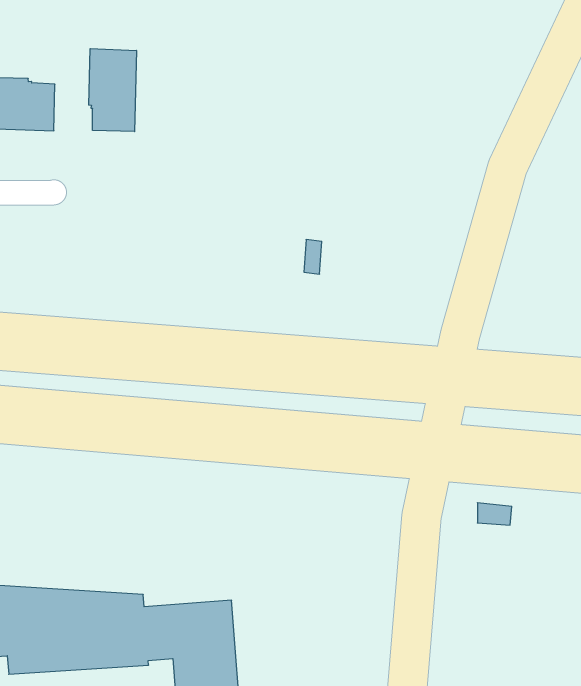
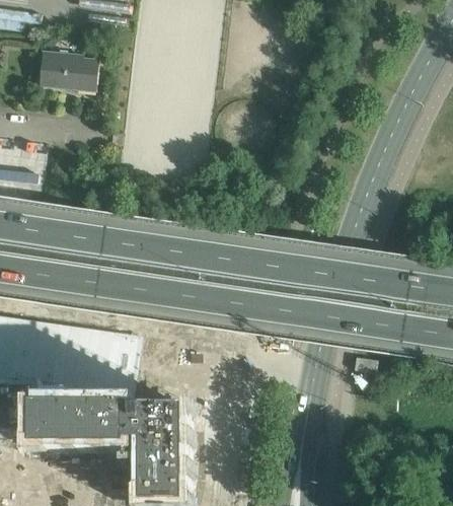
building: [89,49,136,132] -> none

